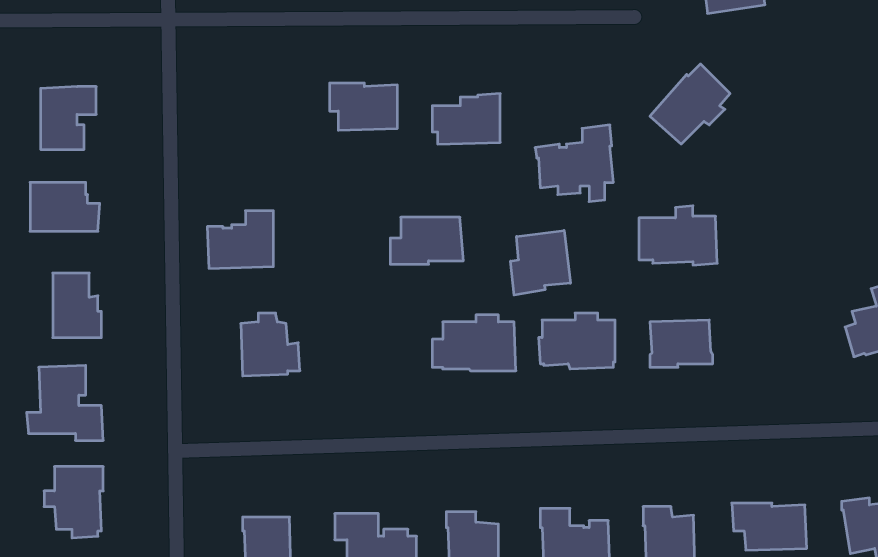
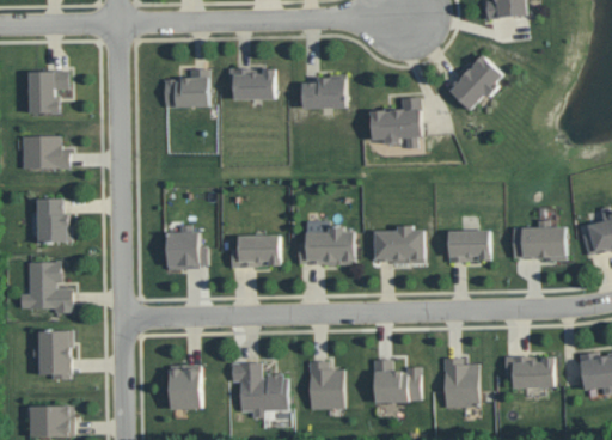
building: [639,206,717,265] -> [512,220,565,261]
building: [207,211,273,268] -> [163,69,208,109]
building: [390,217,463,264] -> [230,236,280,268]
building: [511,230,570,295] -> none

